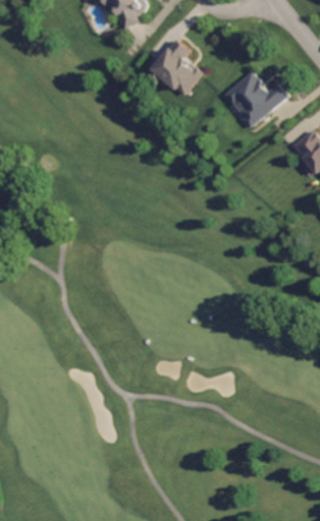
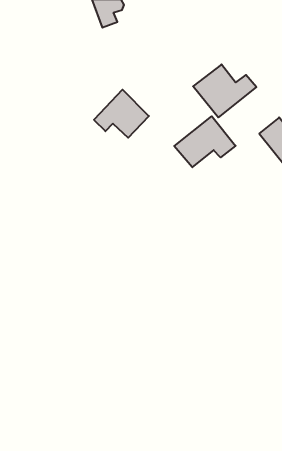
building: [147,47,206,99] -> [94,90,149,138]
building: none -> [174,116,236,167]

